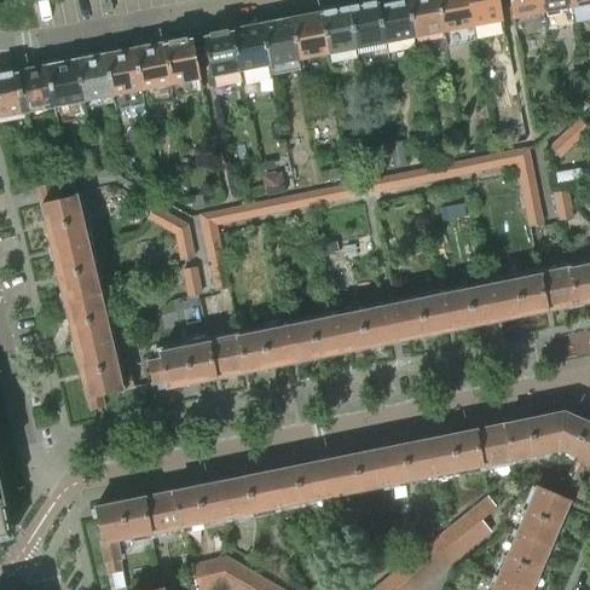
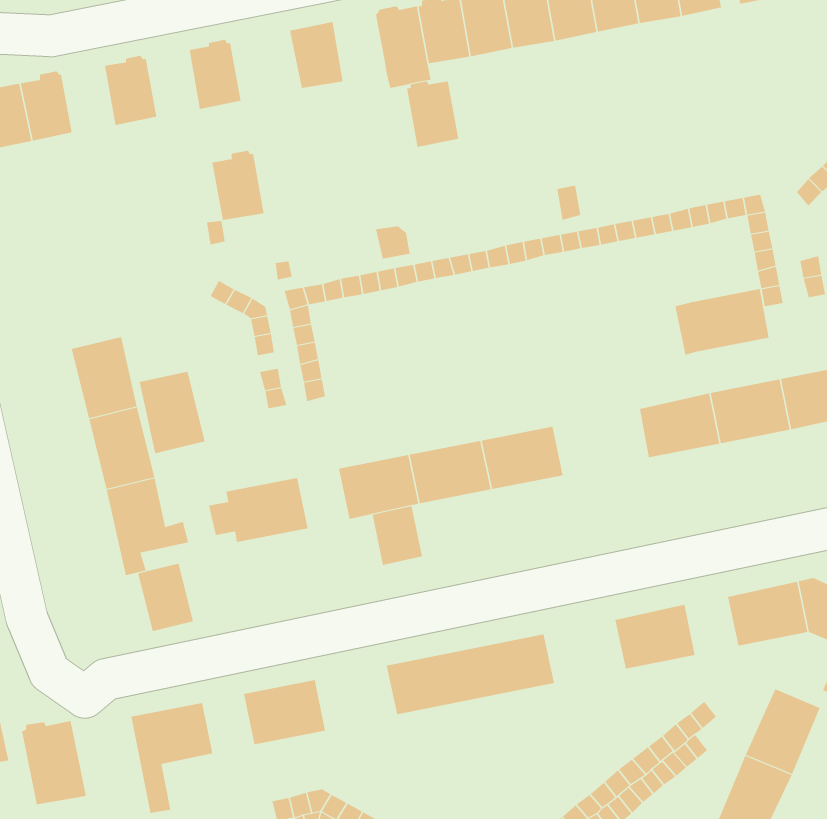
building: [233,24,270,70] -> [406,81,459,148]
building: [163,37,201,83] -> none
building: [105,46,141,94] -> [212,150,264,220]
building: [47,58,83,105] -> none
building: [42,197,88,254] -> [139,371,206,454]
building: [384,295,450,341] -> [674,289,769,355]
building: [209,336,244,377] -> [372,506,423,565]
building: none -> [138,563,193,632]
building: [475,424,511,464] -> none
building: [378,440,434,484] -> none
building: [221,472,277,516] -> none
building: [144,491,179,532] -> none
building: none -> [22,720,86,805]

